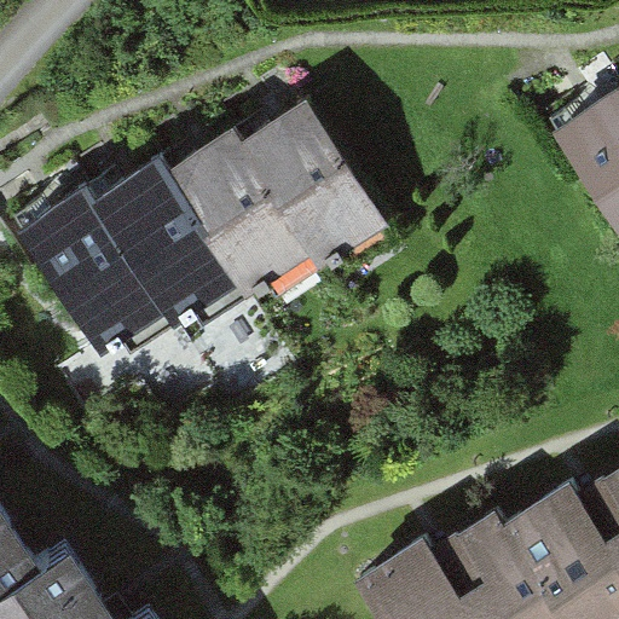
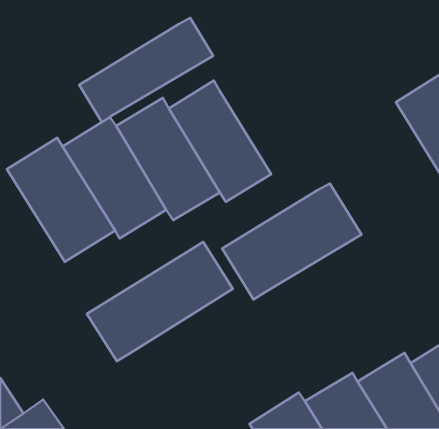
building: none -> [79,18,213,122]
building: none -> [222,183,361,300]
building: none -> [87,242,233,361]

